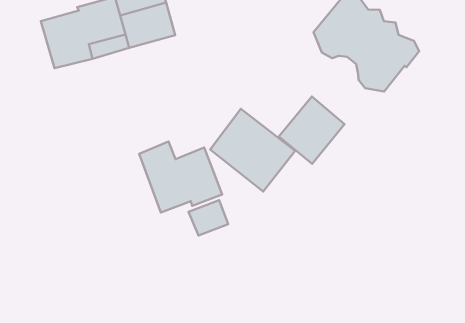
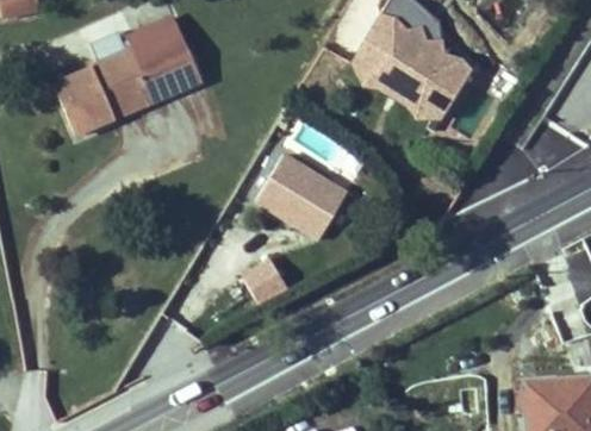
building: [279,96,345,164] -> none
building: [139,141,222,213] -> none

